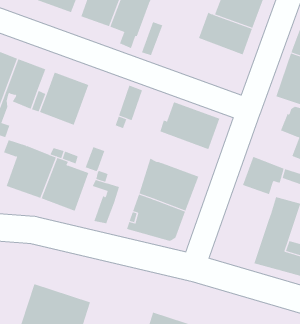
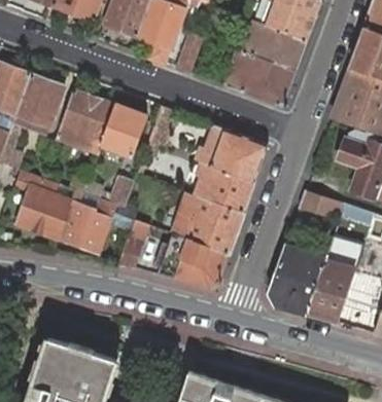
building: none -> [228,49,294,107]
building: none -> [100,106,146,156]
building: none -> [194,162,254,213]
building: none -> [268,245,326,315]

